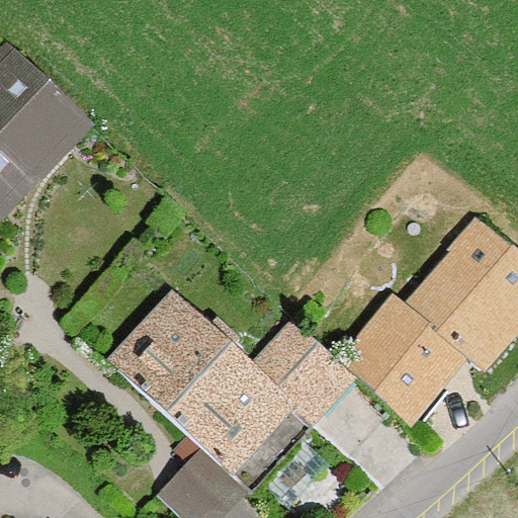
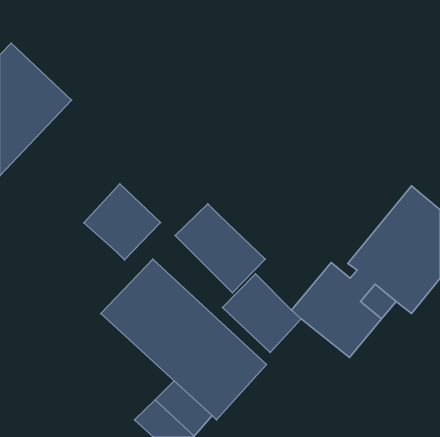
building: none -> [84,184,160,260]
building: none -> [175,204,265,293]

